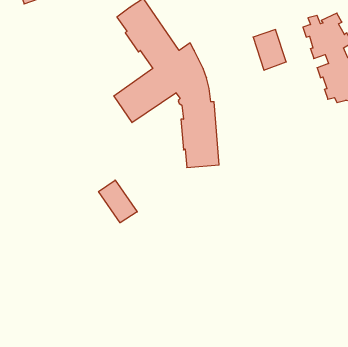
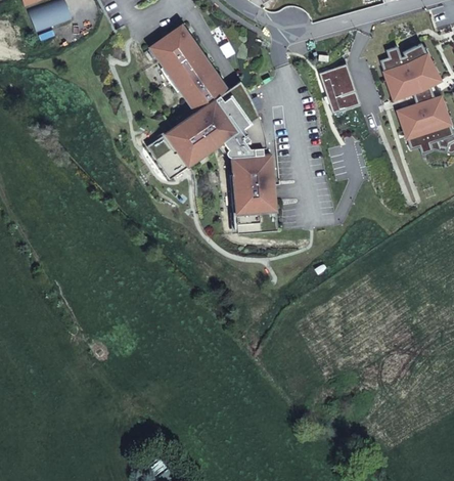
building: [99,180,137,223] -> none

